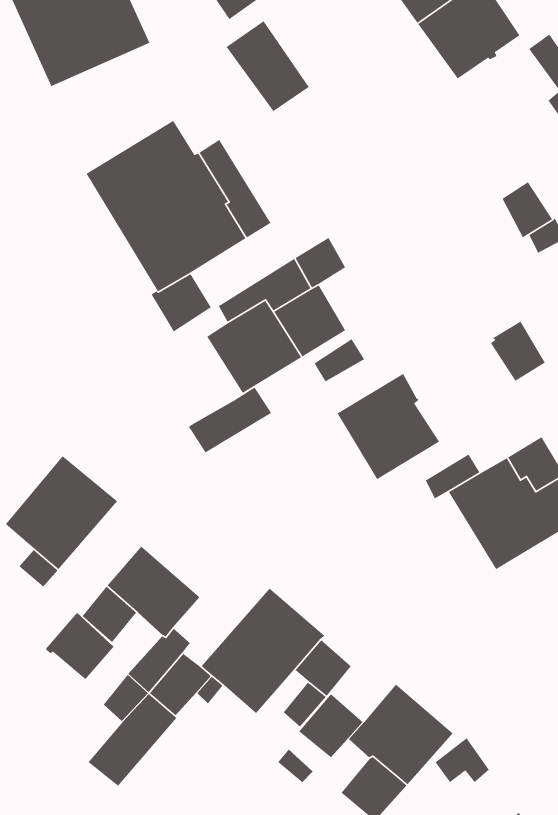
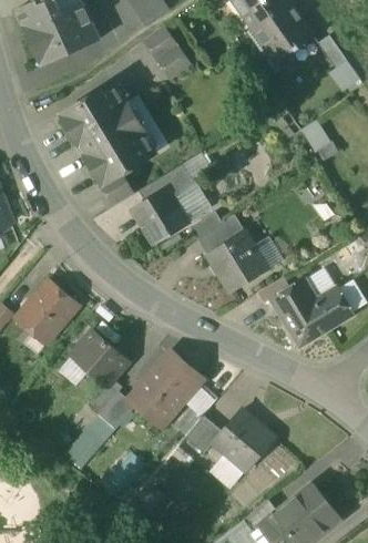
building: [490,321,546,382] -> [252,235,284,270]
building: [188,386,272,453] -> [196,215,245,254]
building: [45,612,115,680] -> none

